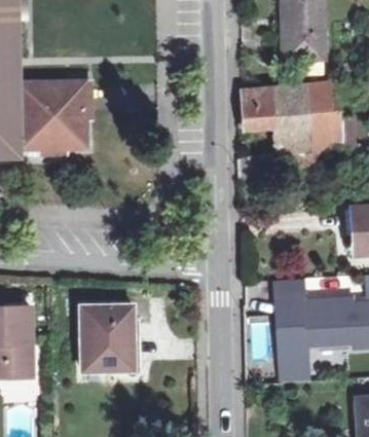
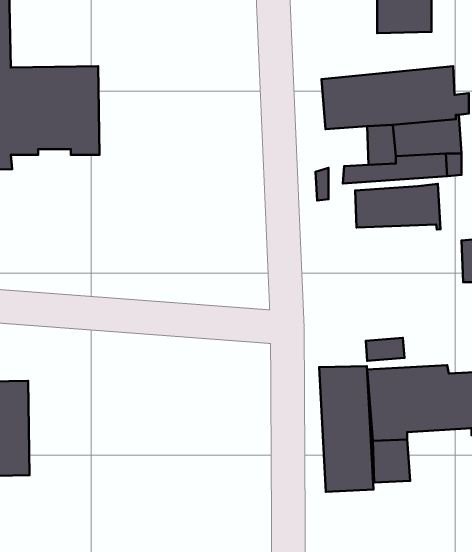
building: none -> [355,184,440,229]
building: none -> [319,366,374,492]
building: [82,305,134,369] -> none

